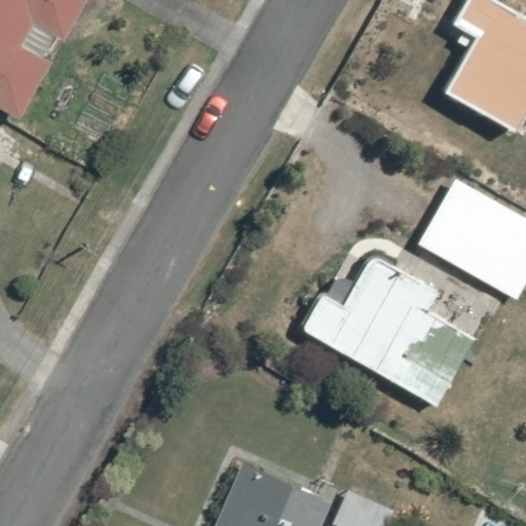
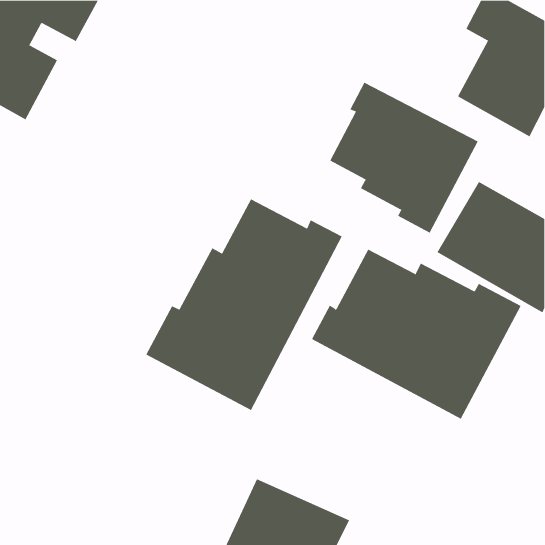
building: none -> [329,82,479,234]
building: none -> [146,199,342,411]

